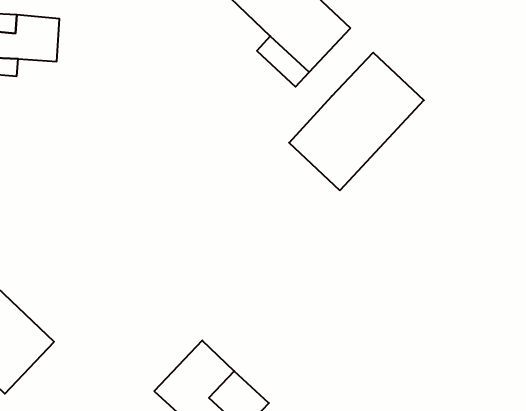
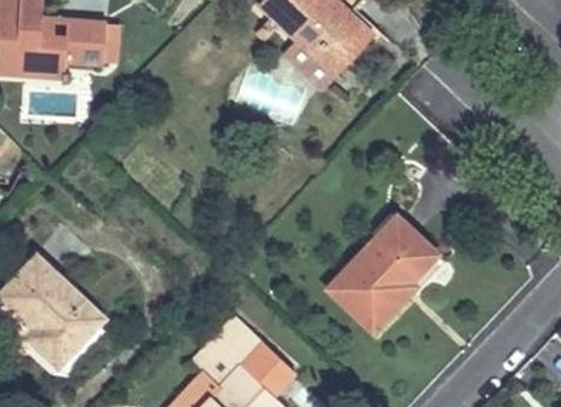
building: [289,53,424,190] -> none
building: none -> [330,218,435,331]

